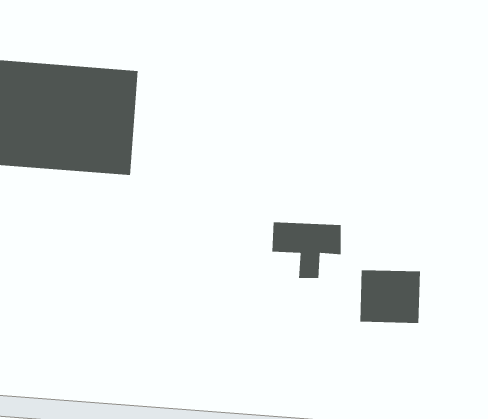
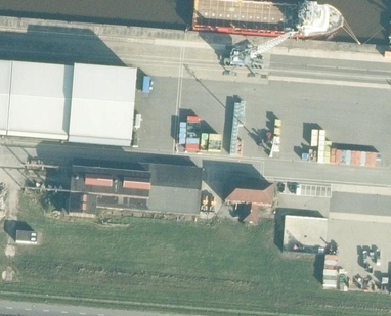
building: none -> [70,153,202,211]

